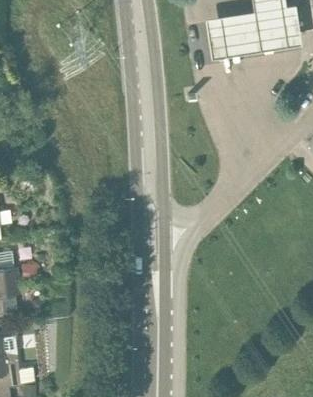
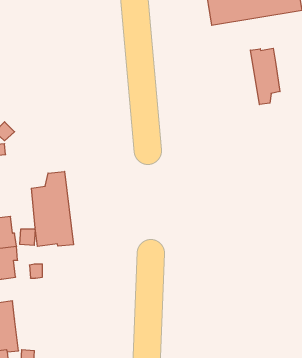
building: none -> [250,48,280,105]
building: none -> [31,171,73,246]

